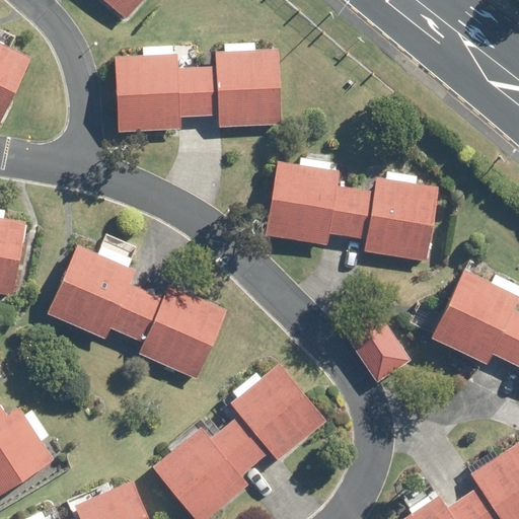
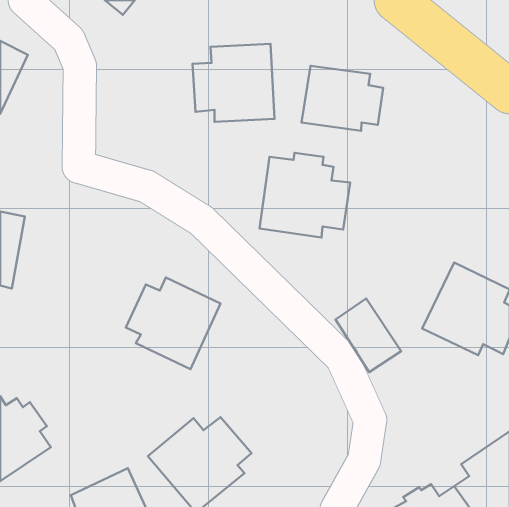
building: [115,53,200,132] -> none
building: none -> [302,66,383,131]
building: [350,178,437,261] -> none
building: [48,246,149,340] -> none
building: [225,363,325,463] -> none

